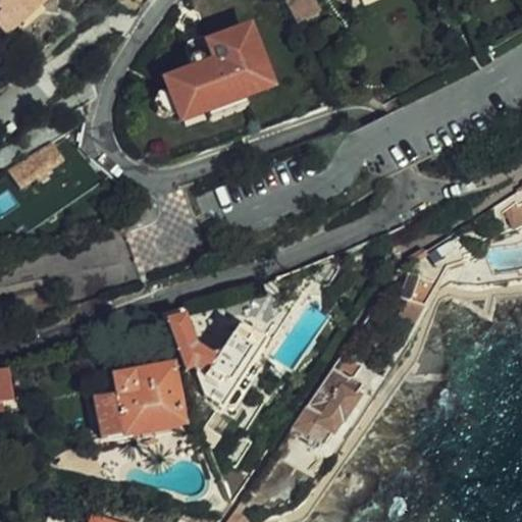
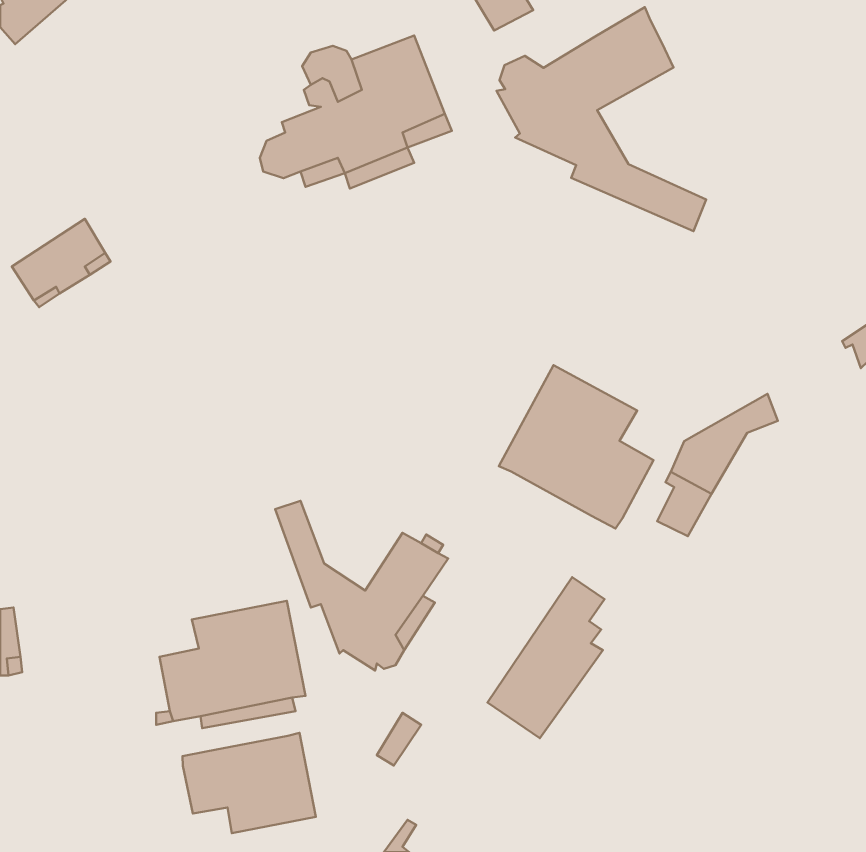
building: none -> [497,7,706,231]
building: none -> [499,365,653,529]
building: none -> [182,733,316,833]

